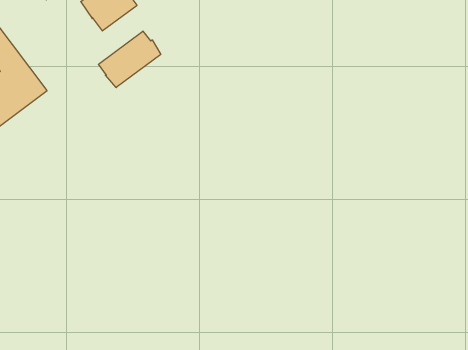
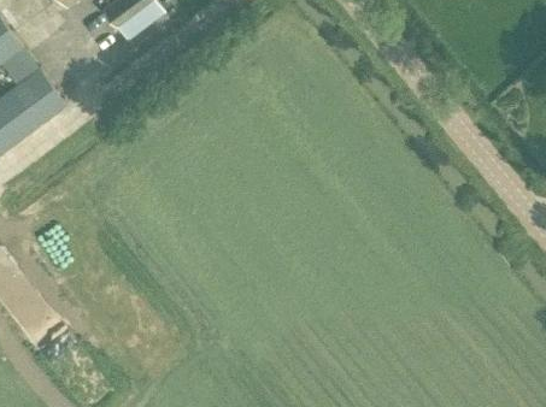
building: [98,31,161,88] -> none

